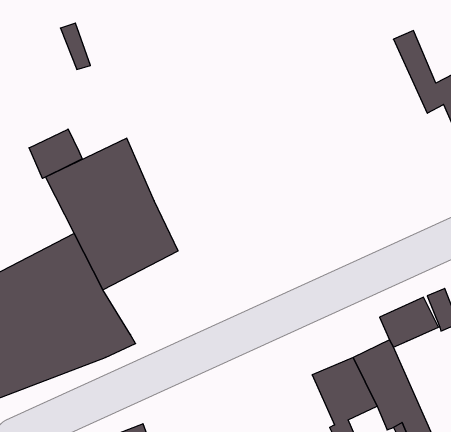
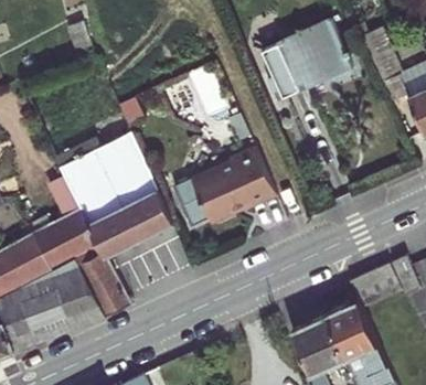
building: none -> [258,20,351,99]
building: [29,129,82,178] -> none
building: none -> [173,148,276,227]

